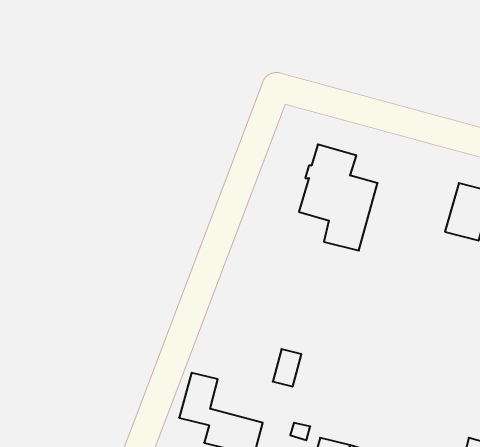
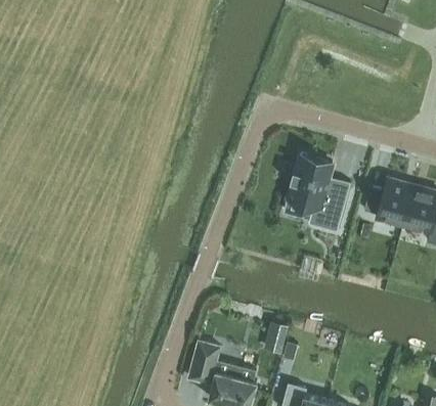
building: none -> [364,179,418,226]

